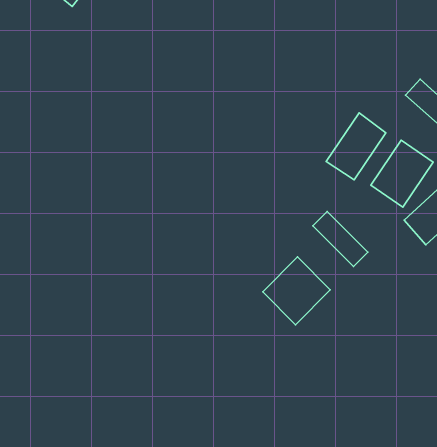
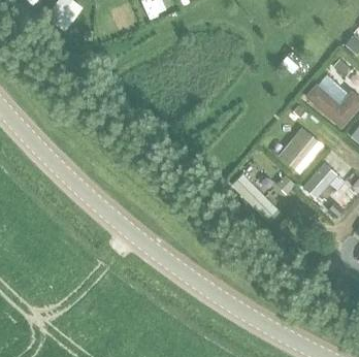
building: [326,113,386,180] -> none
building: [263,257,330,325] -> none

